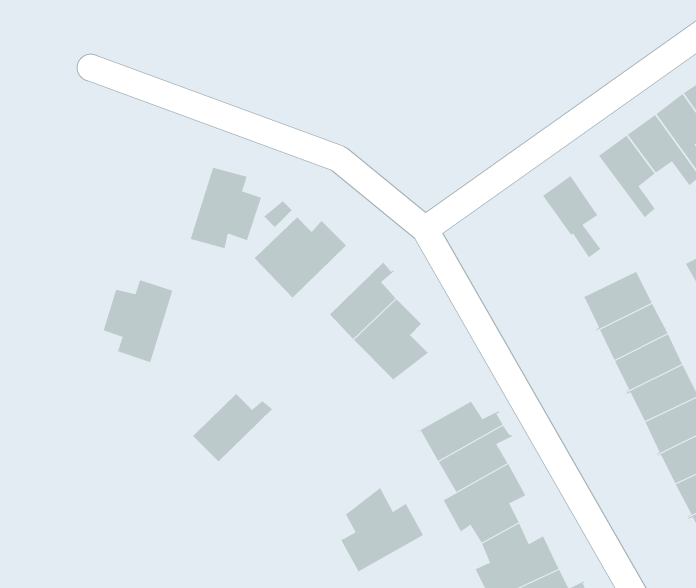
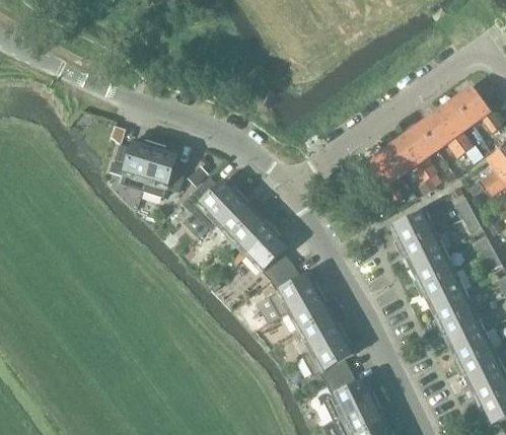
building: none -> [383,138,430,183]
building: [103,279,173,363] -> [112,138,156,191]
building: [182,393,273,462] -> [207,195,265,238]
building: [340,487,424,572] -> [268,263,320,316]

